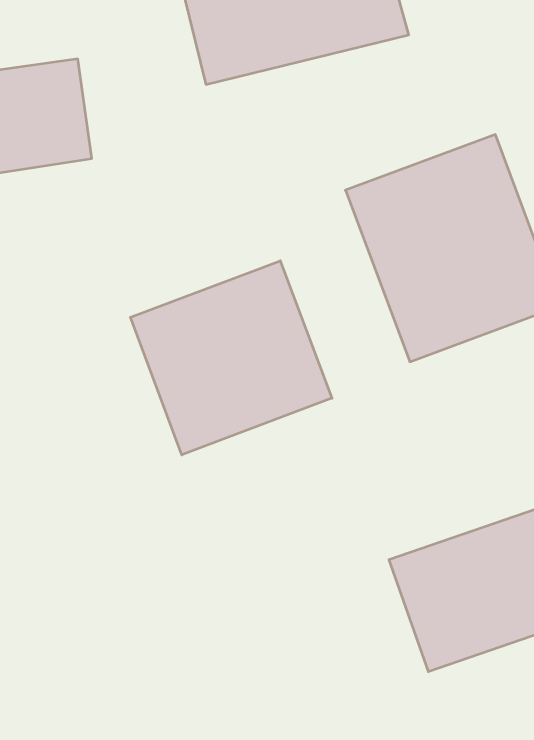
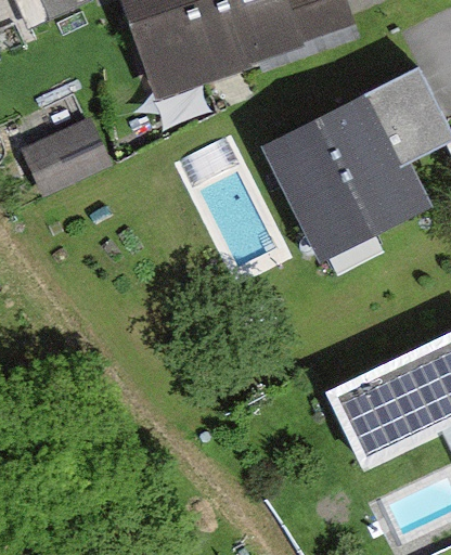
building: [130,261,332,455] -> none

